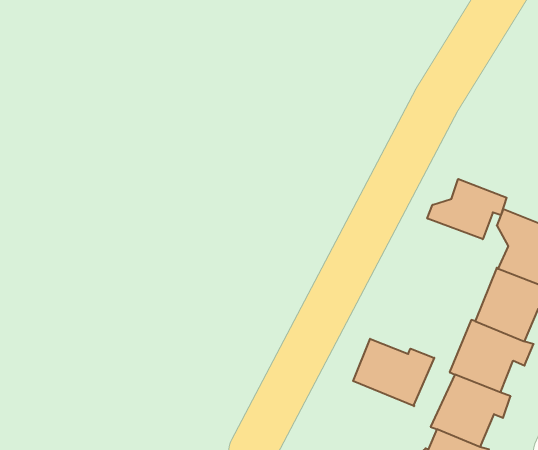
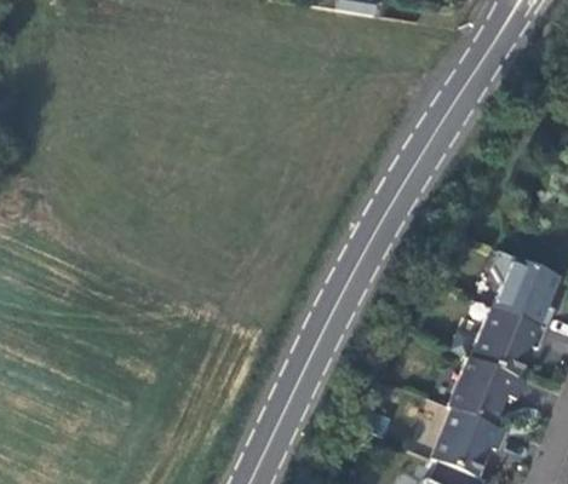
building: [427,179,507,239] -> none
building: [353,339,434,406] -> none

